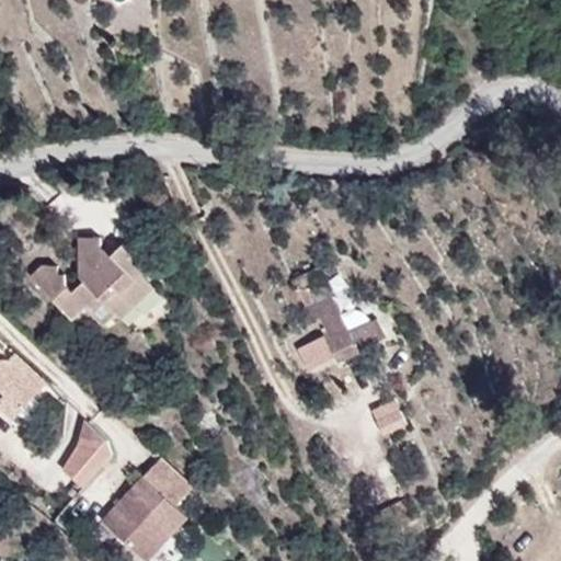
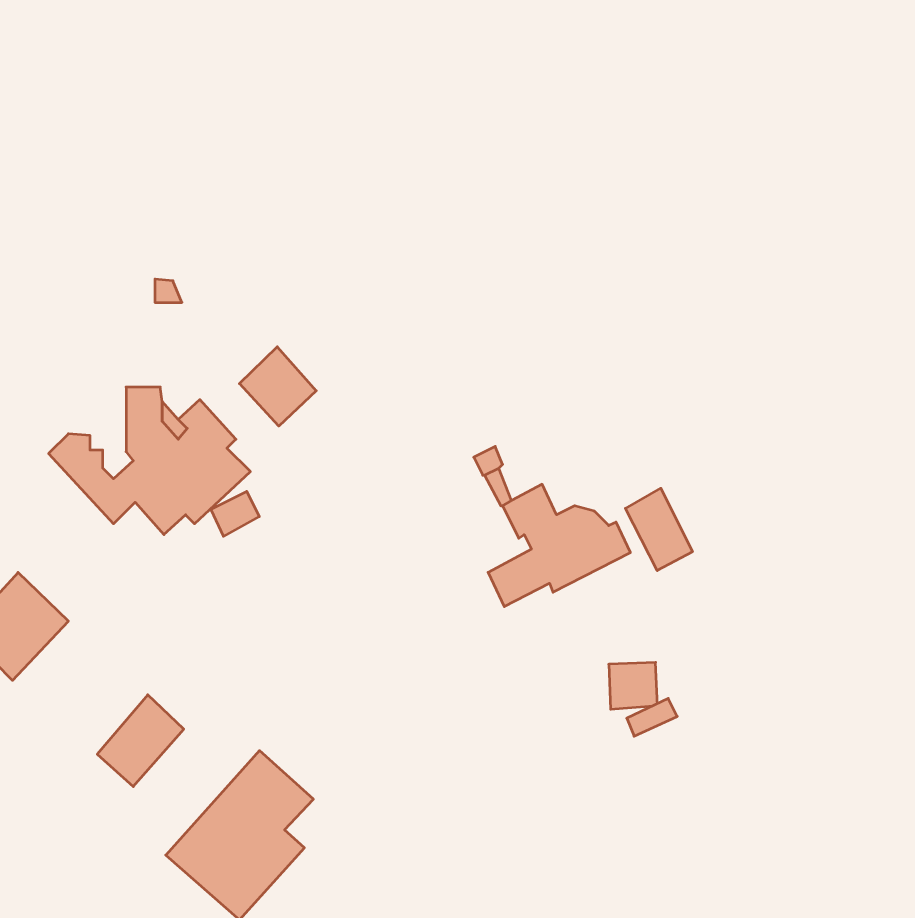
building: none -> [239,347,316,426]
building: none -> [625,488,692,571]

